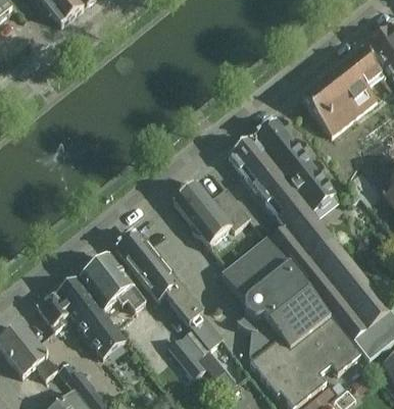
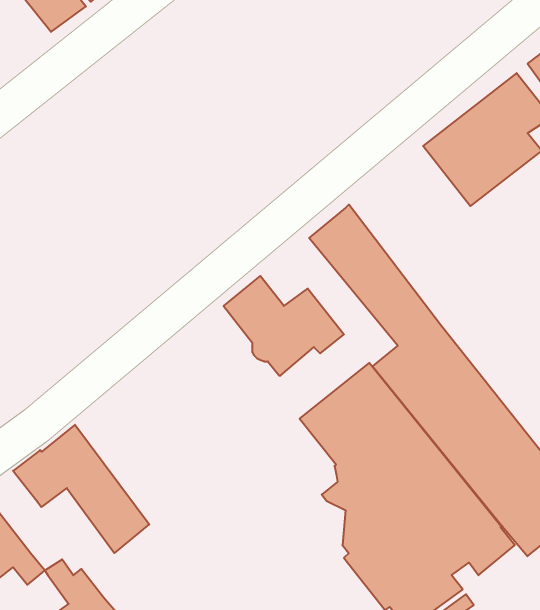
building: [252,116,335,211] -> none
building: [113,229,225,377] -> none
building: [80,255,145,310] -> none

